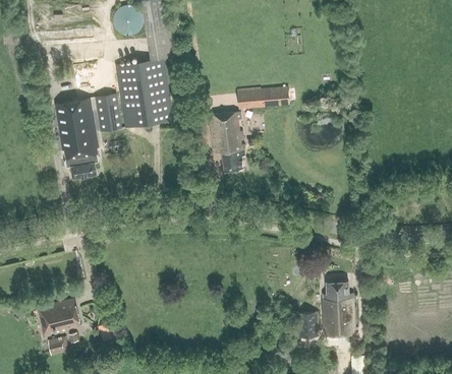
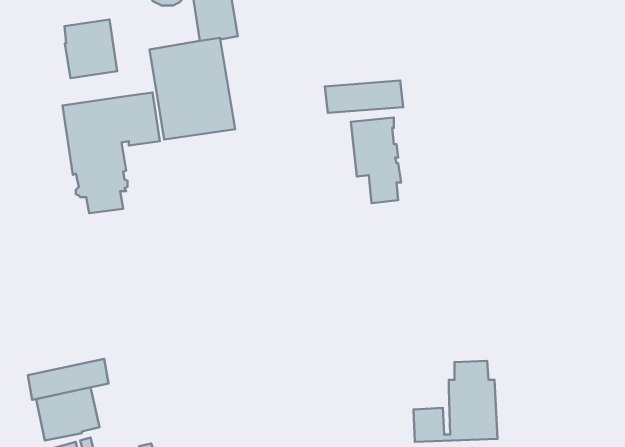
building: none -> [64,19,117,78]
building: [211,112,245,171] -> [351,118,401,203]
building: none -> [28,359,108,400]

